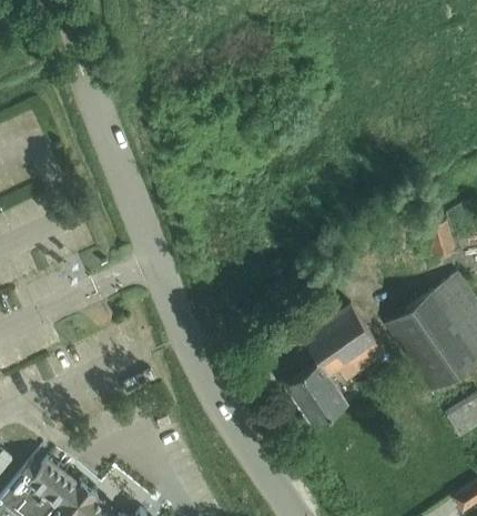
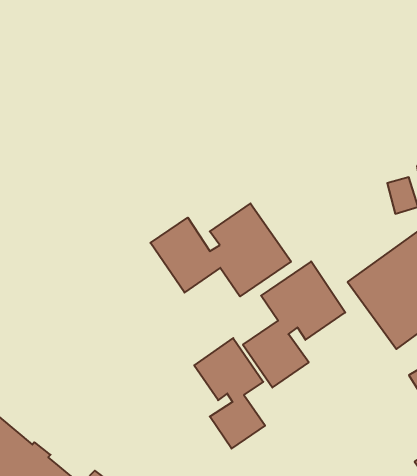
building: none -> [150,203,291,296]
building: none -> [194,338,265,449]

